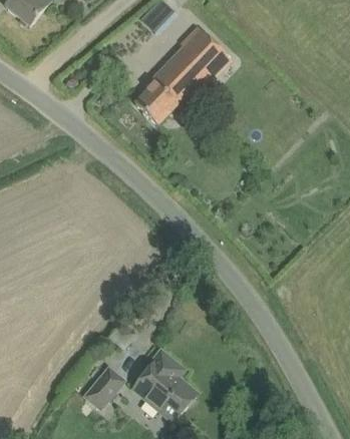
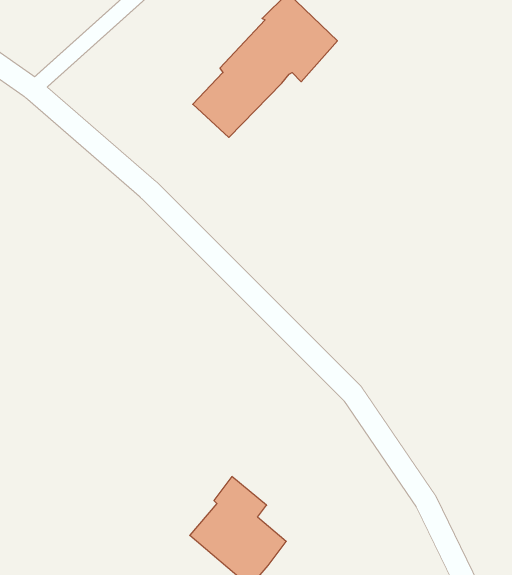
building: [84,366,123,408] -> none

